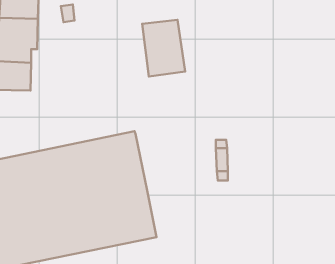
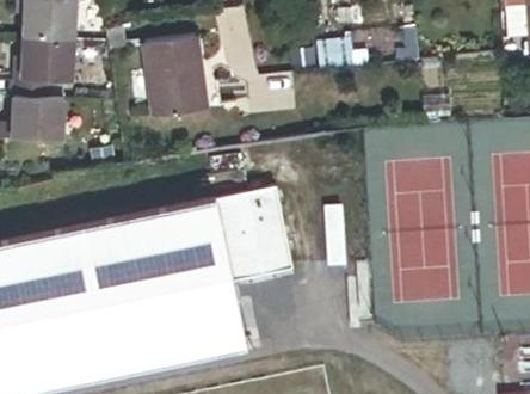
building: [142,20,185,76] -> [147,37,208,117]
building: none -> [212,192,291,285]

